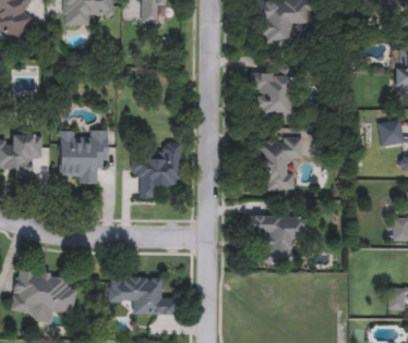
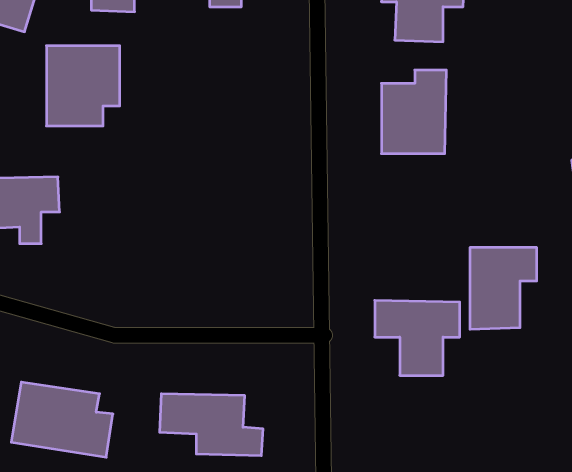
building: [60,130,108,182] -> [46,46,120,126]
building: [259,137,302,191] -> [470,248,537,329]
building: [132,143,180,198] -> none

